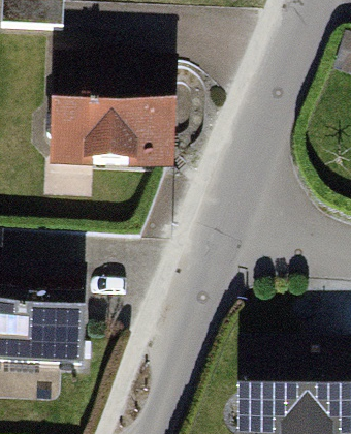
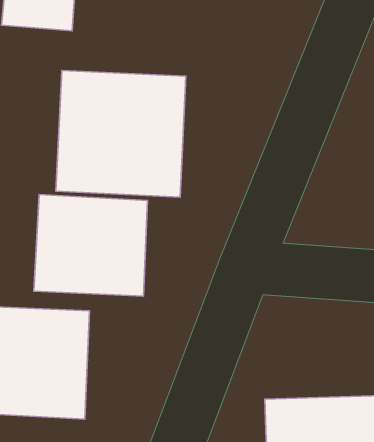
building: none -> [34,195,148,296]

